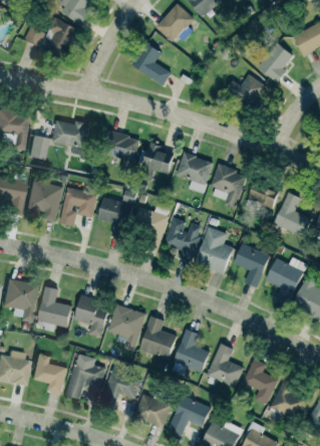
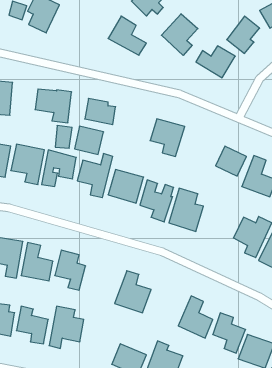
building: none -> [161,14,198,55]
building: [31,135,49,159] -> [55,126,72,148]
building: [144,143,176,173] -> [75,126,104,154]
building: [212,165,247,208] -> none
building: [235,243,270,287] -> none
building: [109,305,145,350] -> none
building: [175,328,210,372] -> none
building: [101,370,142,408] -> none

